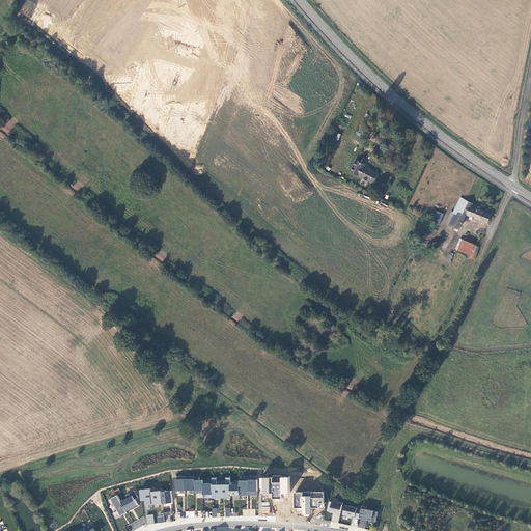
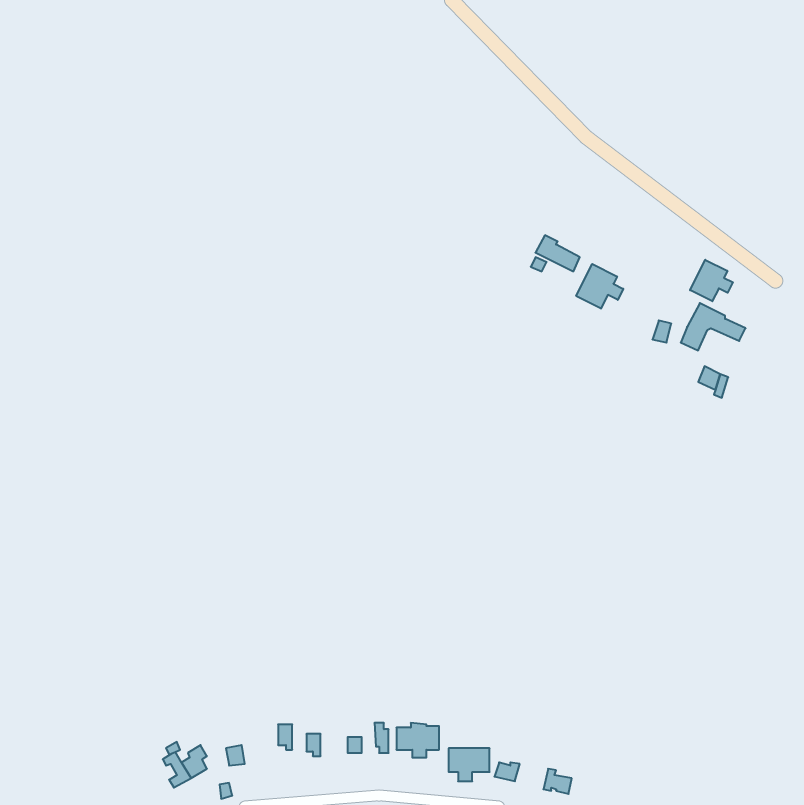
building: none -> [690,260,733,301]
building: none -> [576,264,623,309]

